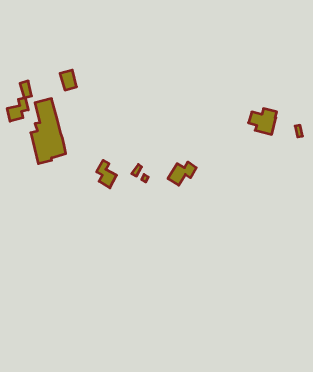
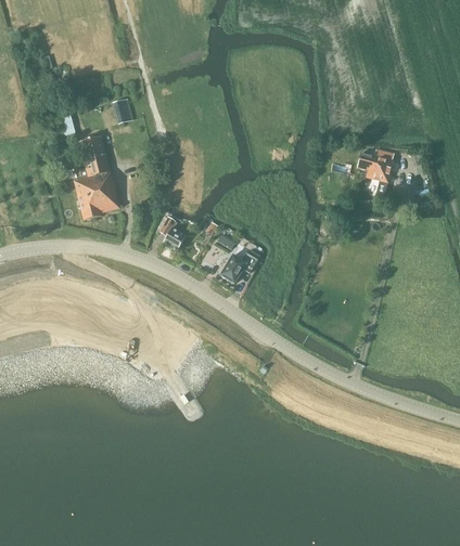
building: [7,98,28,121] -> none
building: [168,162,196,185] -> [220,252,257,283]

